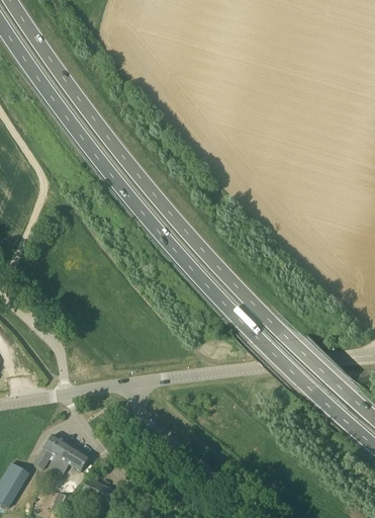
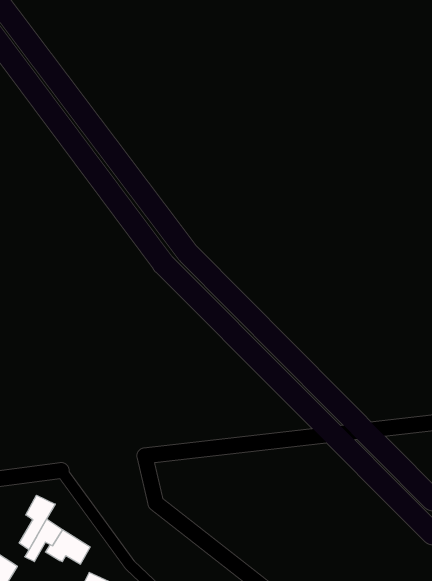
building: none -> [19,495,55,550]

